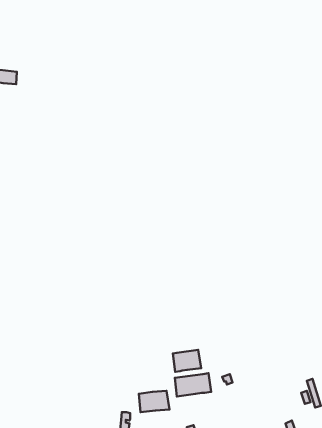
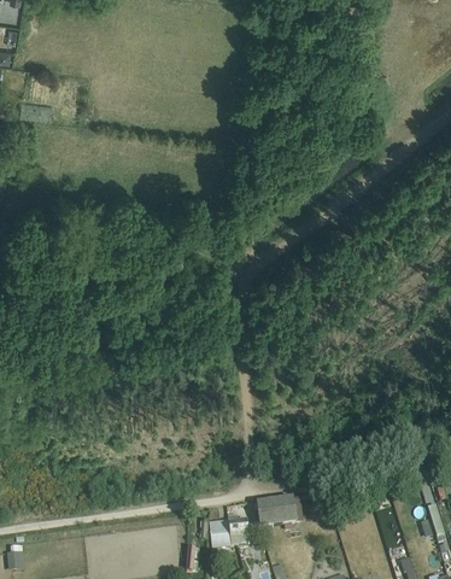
building: [173,350,201,372] -> none

